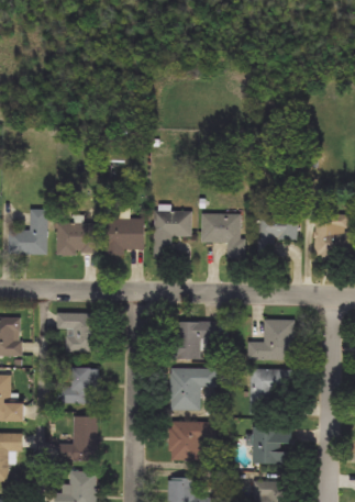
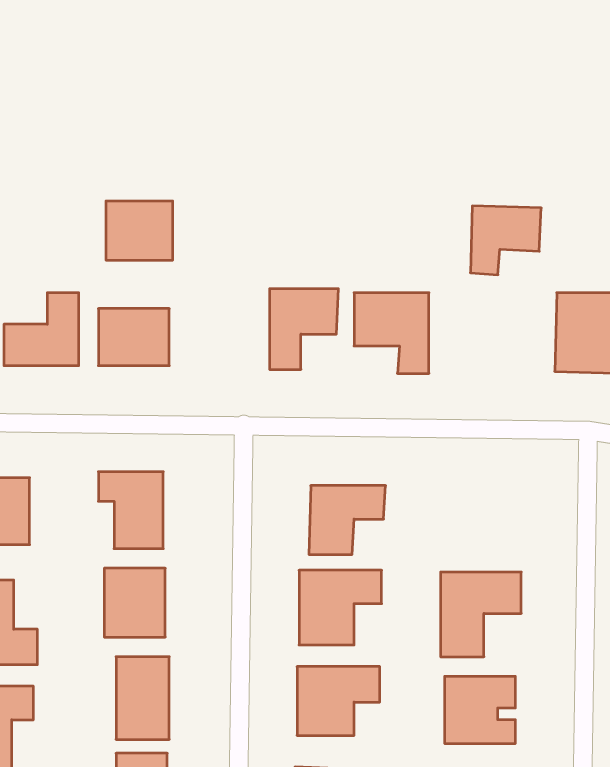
building: [258,215,298,254] -> [470,206,541,275]
building: [107,217,144,250] -> [106,201,173,260]
building: [248,319,295,360] -> none

